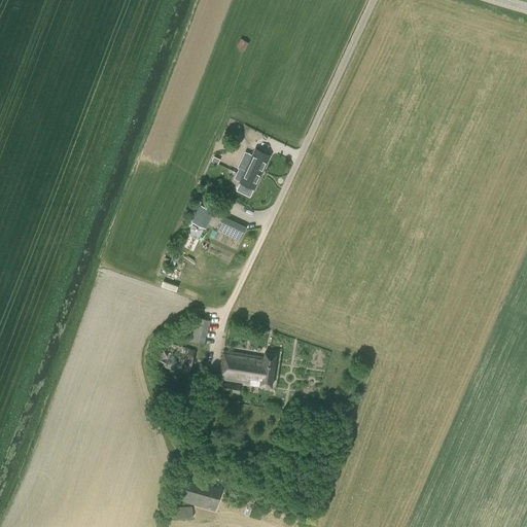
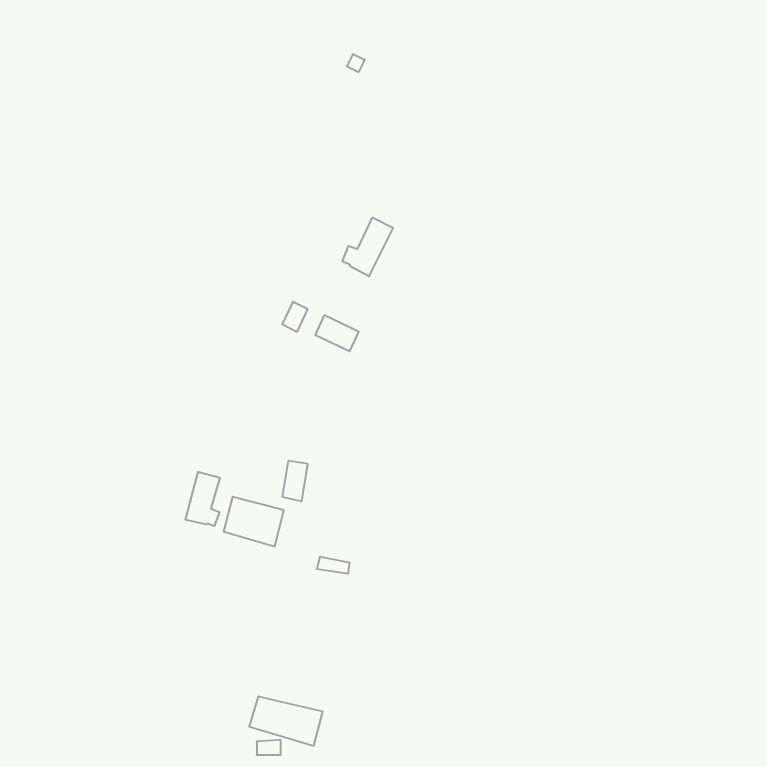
building: none -> [185,472,220,526]
building: [219,351,276,387] -> none

